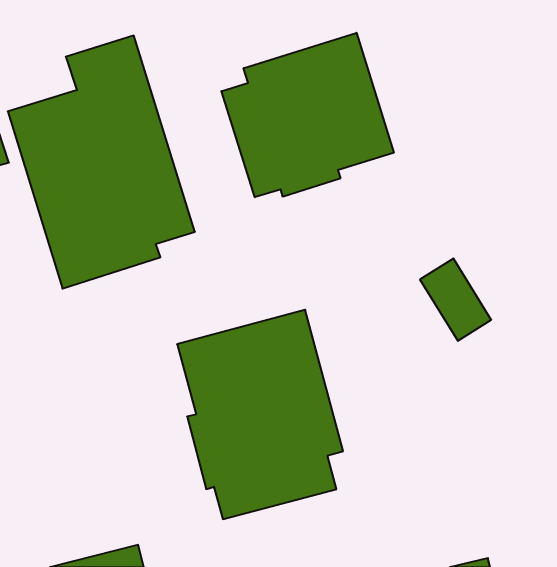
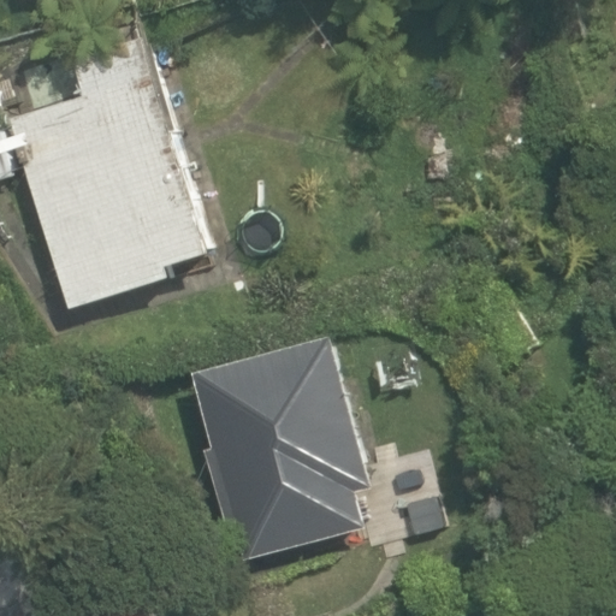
building: [221,33,394,197] -> none

